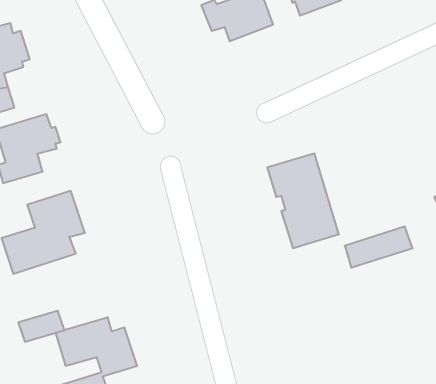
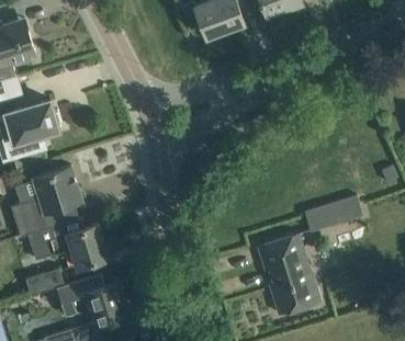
building: [267,154,339,248] -> [258,235,319,316]
building: none -> [29,218,109,268]

